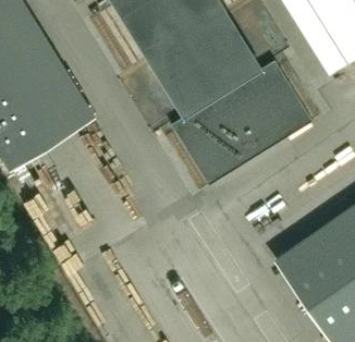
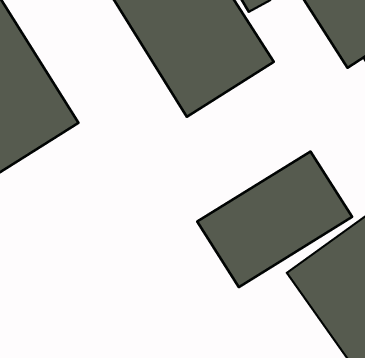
building: [171,60,313,184] -> [197,151,352,287]

